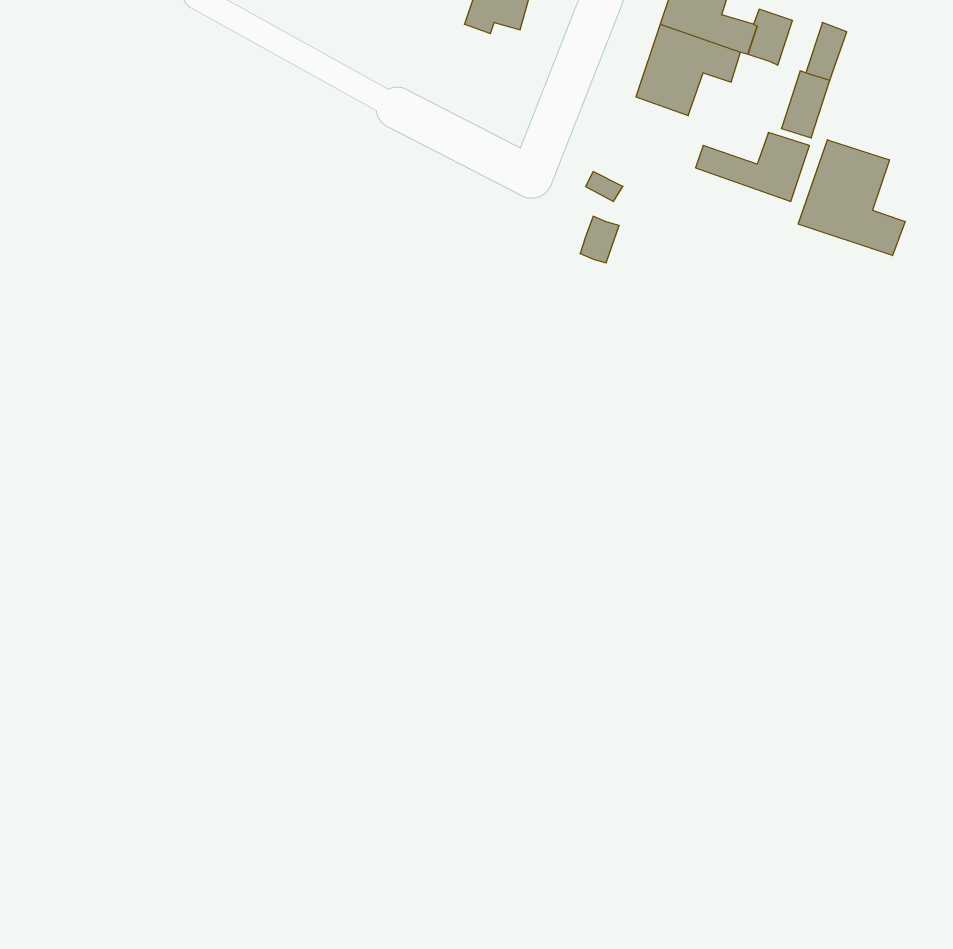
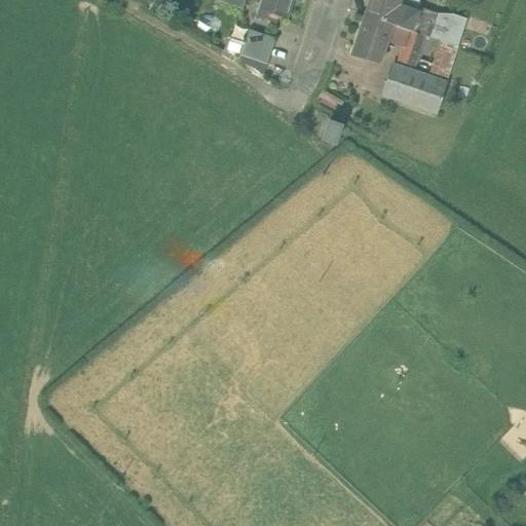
building: none -> [239,28,275,63]
building: none -> [398,29,424,65]
building: none -> [387,63,423,90]
building: [798,140,905,256] -> none

